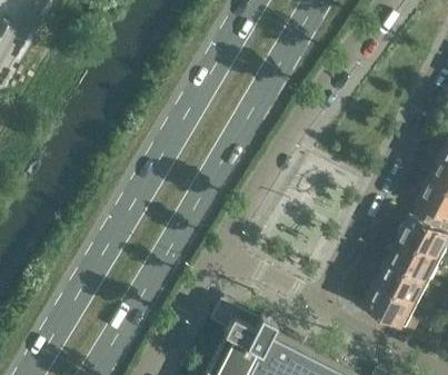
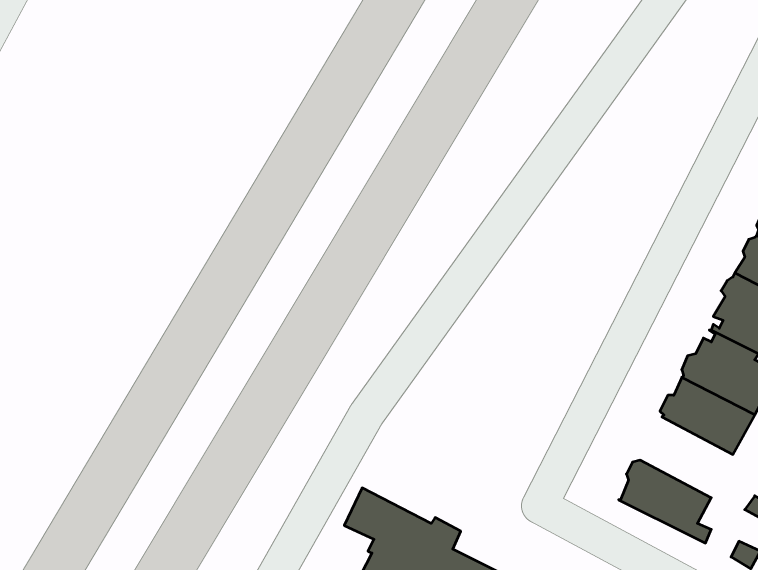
building: [377,259,429,305] -> none

